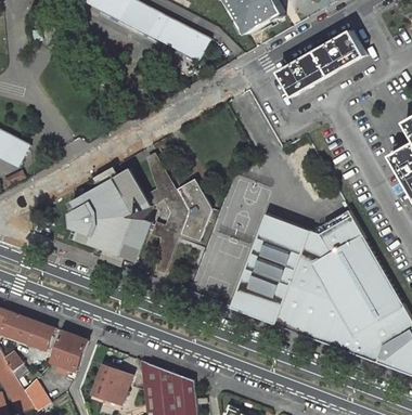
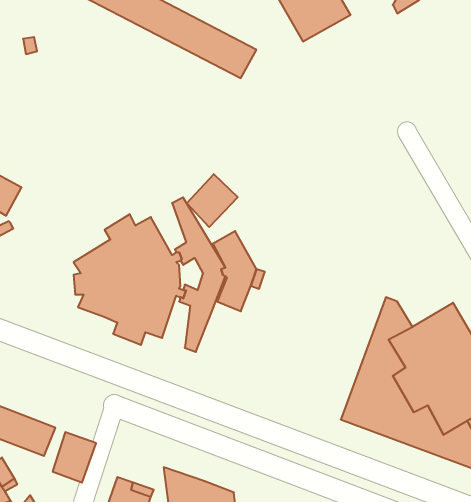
building: [278,30,365,99] -> none
building: none -> [187,174,238,227]
building: [230,213,309,324] -> none
building: [318,215,361,252] -> none

